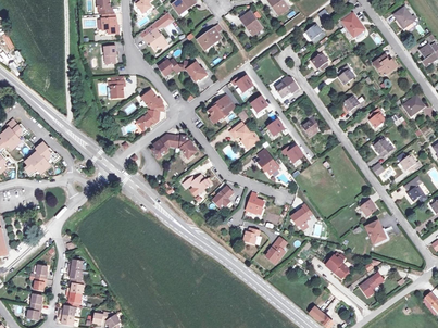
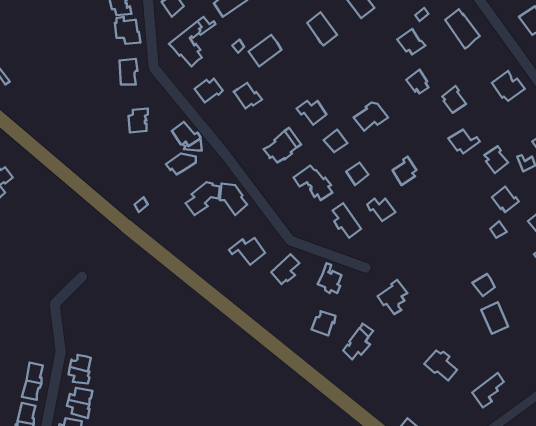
building: [24,142,59,174] -> none

